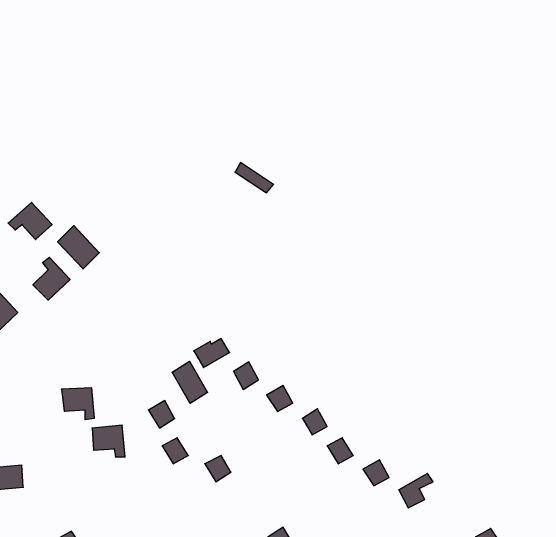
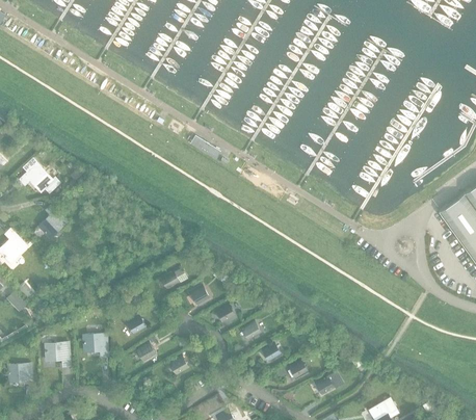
building: [58,226,99,269] -> none
building: [172,361,208,403] -> none
building: [61,388,94,420] -> [45,342,70,366]

